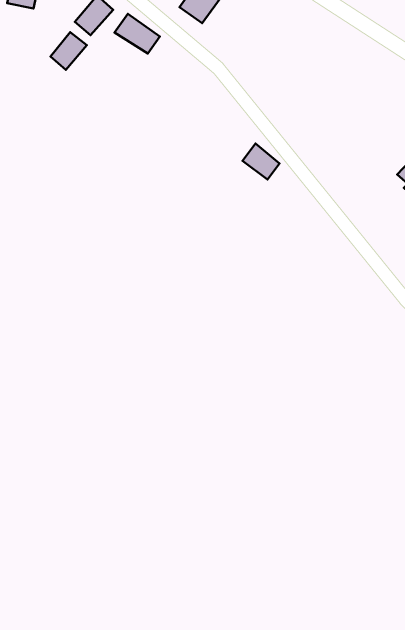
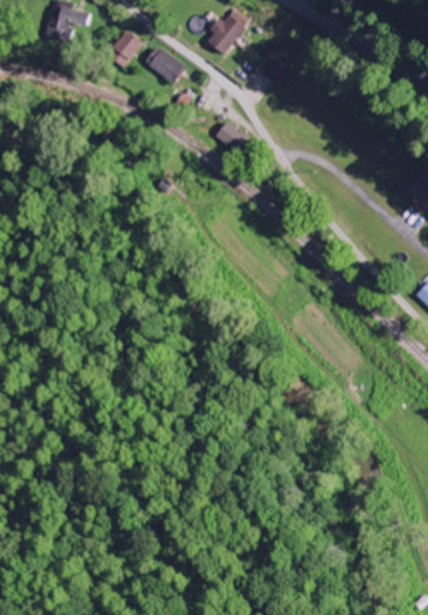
building: [50,32,87,70] -> none
building: [242,144,280,179] -> [215,120,249,153]

